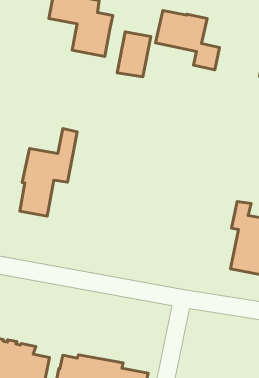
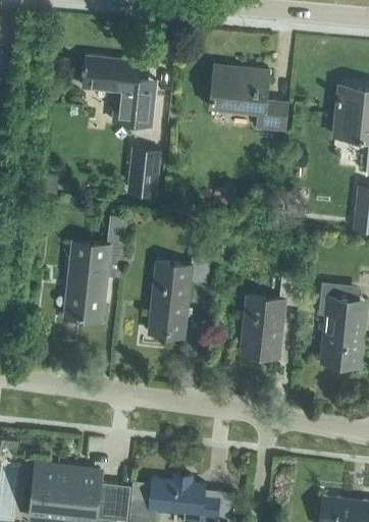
building: [117,32,151,77] -> [126,150,162,201]
building: none -> [149,258,205,337]
building: none -> [241,276,303,358]

